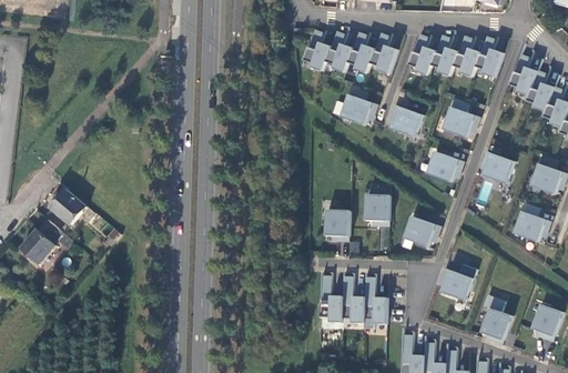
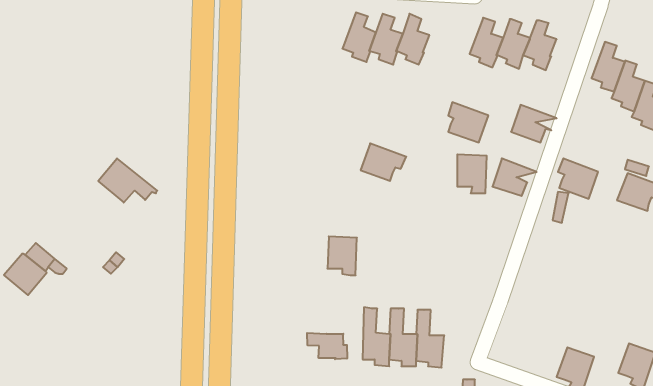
building: [369,31,397,73] -> none
building: [475,37,504,77] -> none
building: [341,93,378,124] -> [361,143,406,181]
building: [50,189,99,225] -> [98,158,157,203]
building: [366,193,390,225] -> [457,154,487,193]
building: [325,209,349,241] -> [327,236,357,275]
building: [514,210,551,241] -> none
building: [404,215,442,246] -> none
building: [440,266,474,300] -> none
building: none -> [307,333,347,359]

